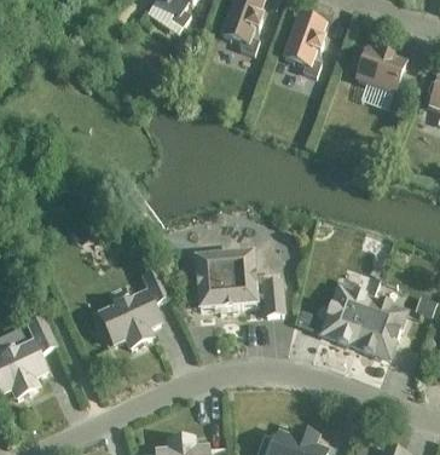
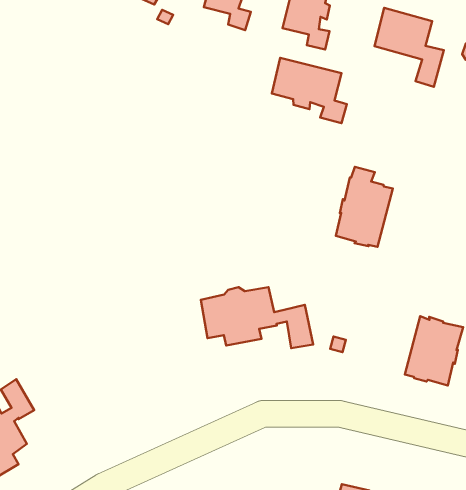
building: none -> [272,58,347,123]
building: [99,265,170,346] -> none
building: [322,277,371,344] -> [336,167,393,247]

